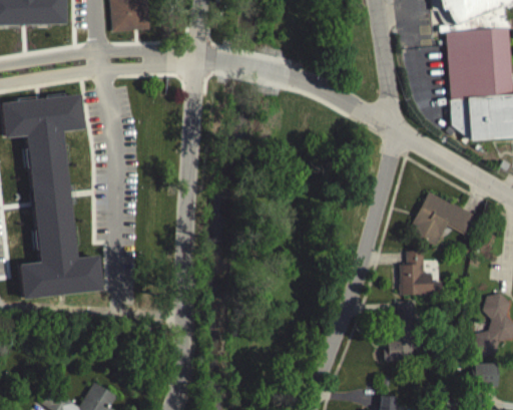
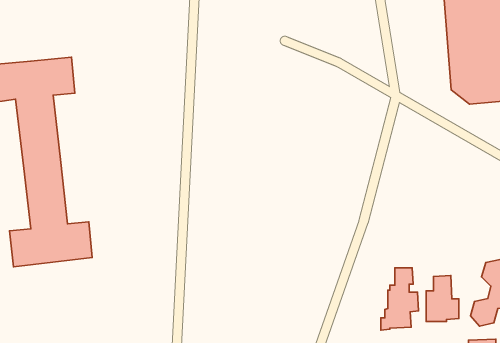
building: [412,190,479,245] -> none
building: [401,249,433,294] -> [426,275,459,321]

